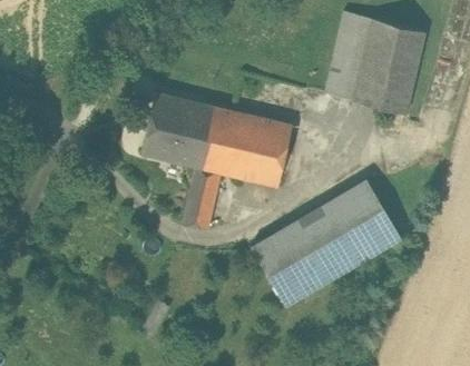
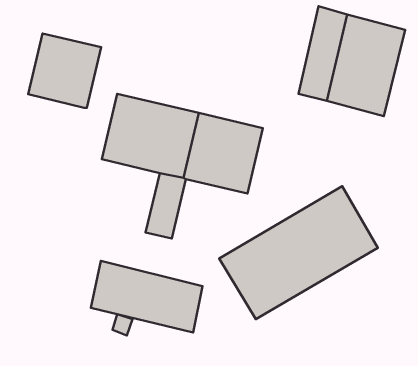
building: none -> [28,34,101,108]
building: none -> [91,261,203,333]

